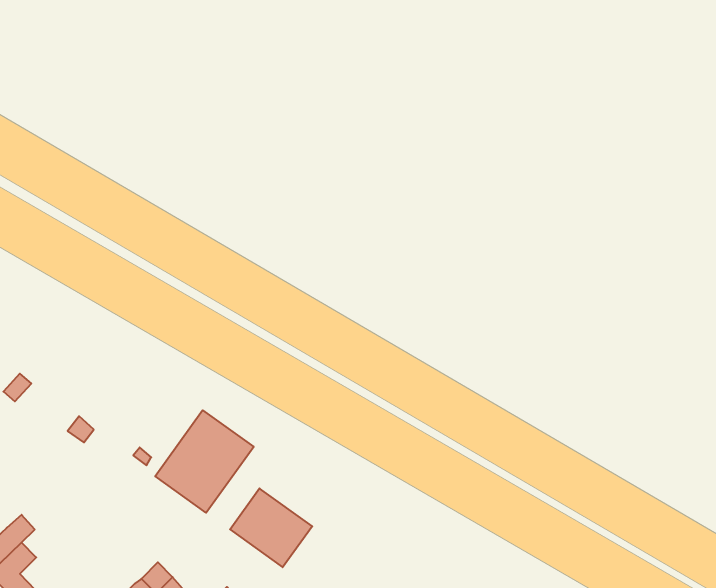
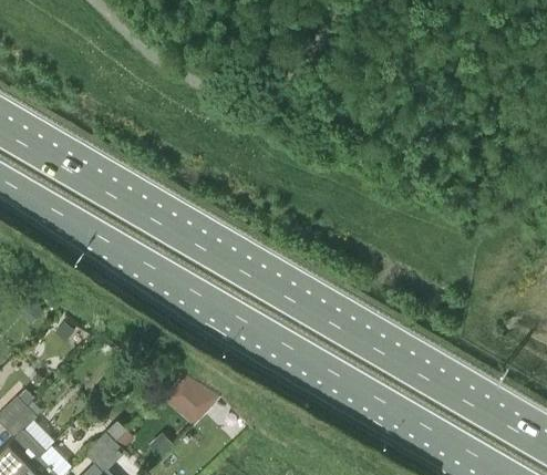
building: [155,410,254,513] -> none

